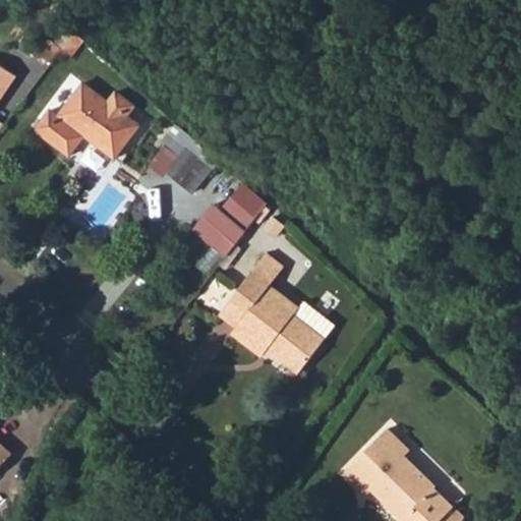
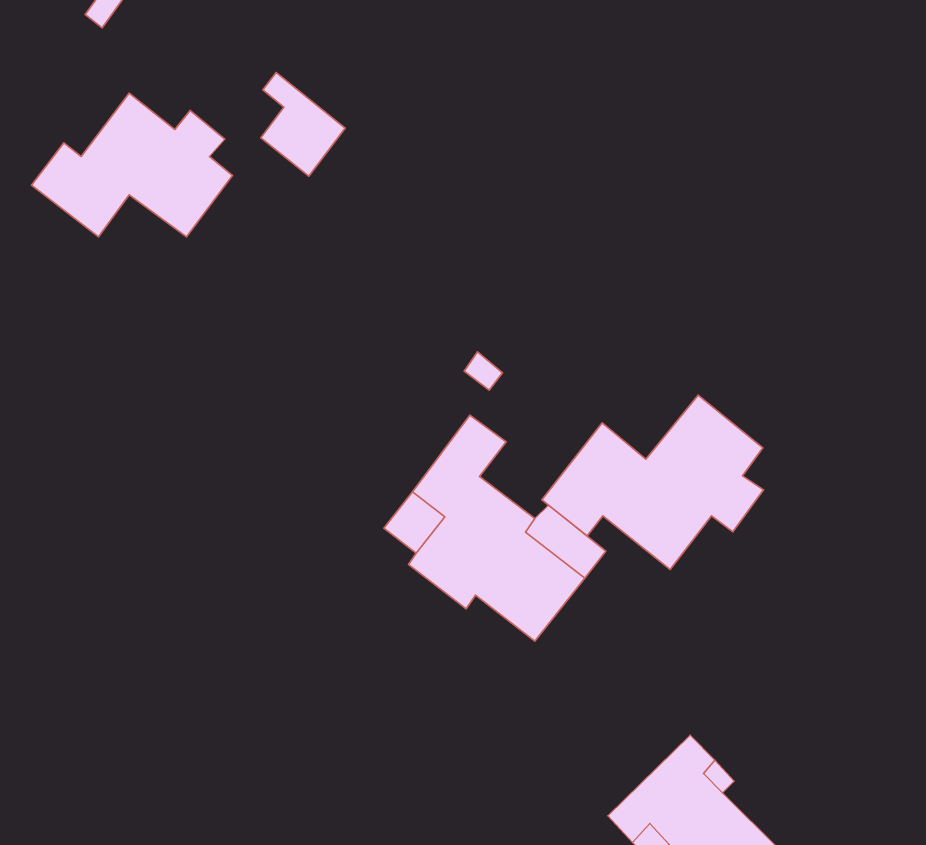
building: [167,138,212,193] -> [261,73,345,176]
building: [196,190,256,252] -> none
building: none -> [542,395,763,570]

